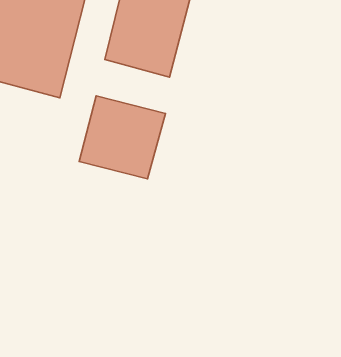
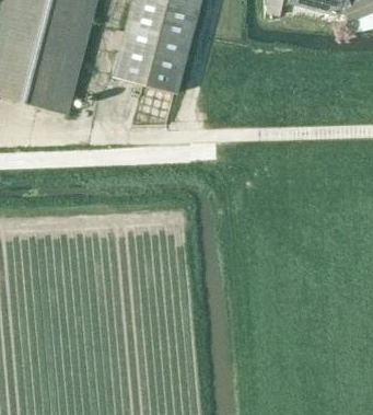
building: [79,96,166,179] -> none

